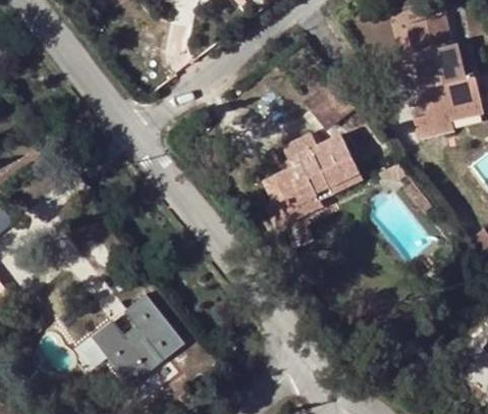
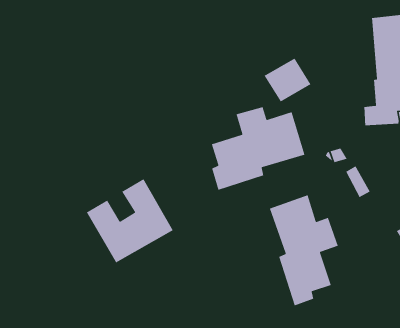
building: none -> [269,194,339,307]
building: [91,292,184,384] -> [86,178,174,263]

